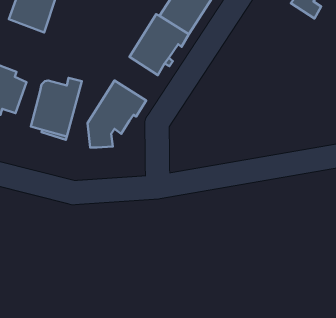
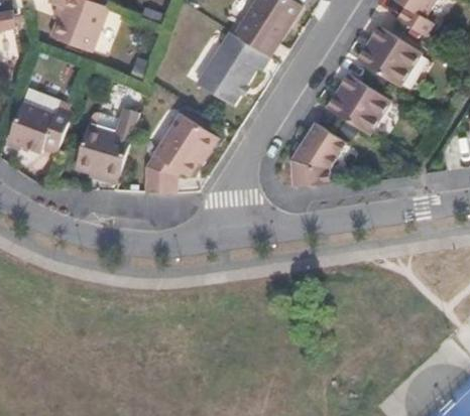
building: none -> [354,26,416,86]
building: none -> [324,76,385,134]
building: none -> [290,121,344,190]

